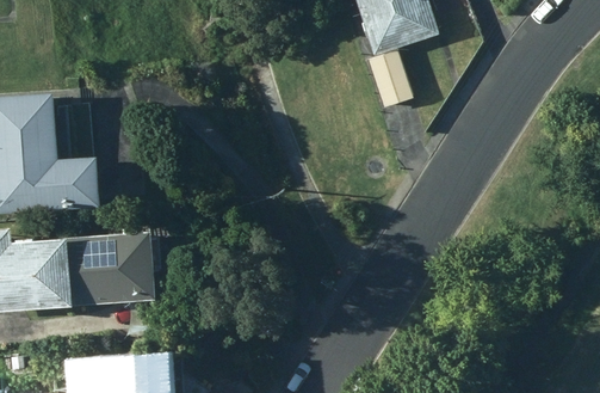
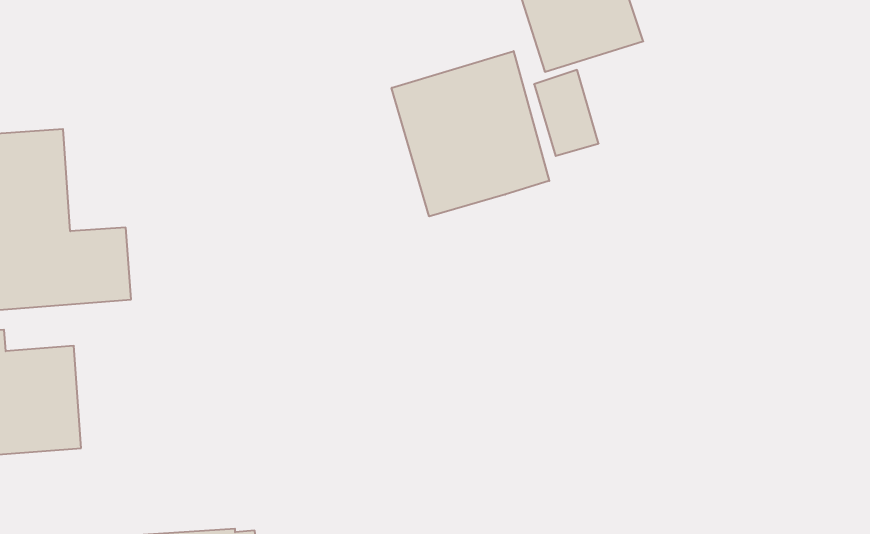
building: none -> [392,51,549,216]
building: [60,231,157,306] -> none

